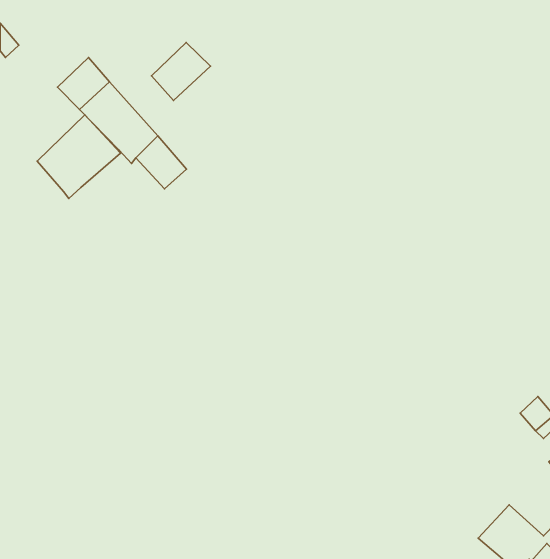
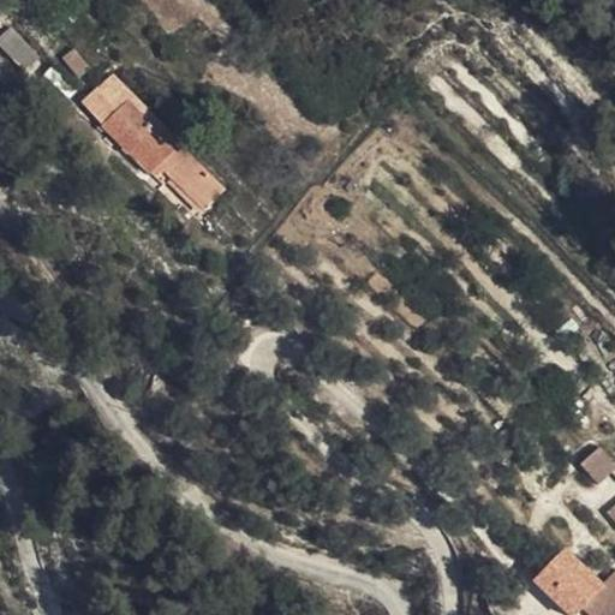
building: [151,43,211,100] -> none
building: [37,115,120,199] -> none

